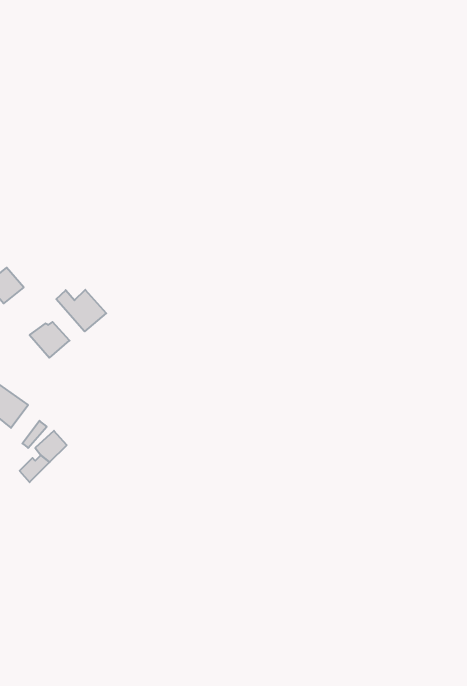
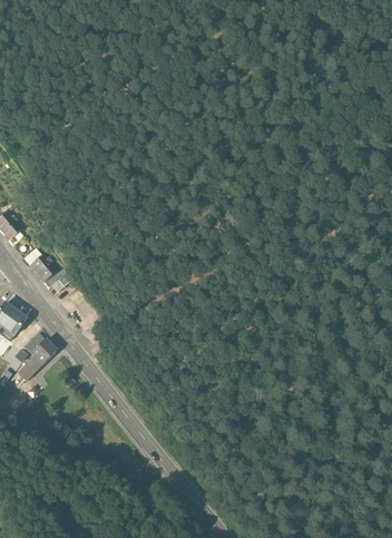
building: [56,290,106,331] -> none

